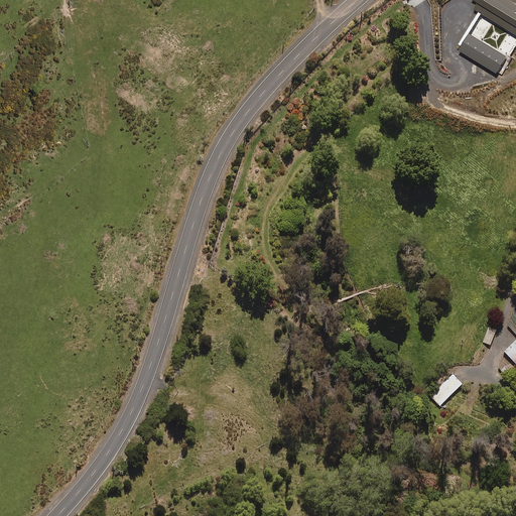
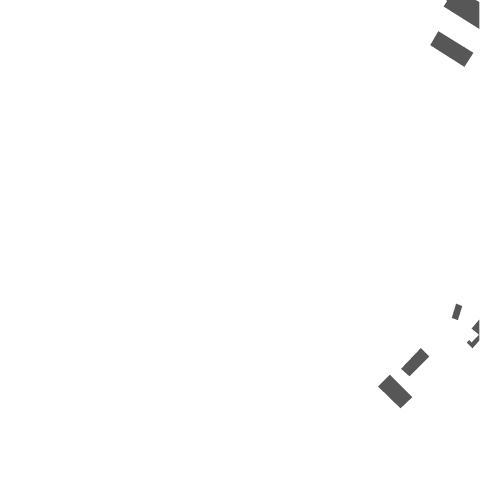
building: none -> [377,374,413,409]

